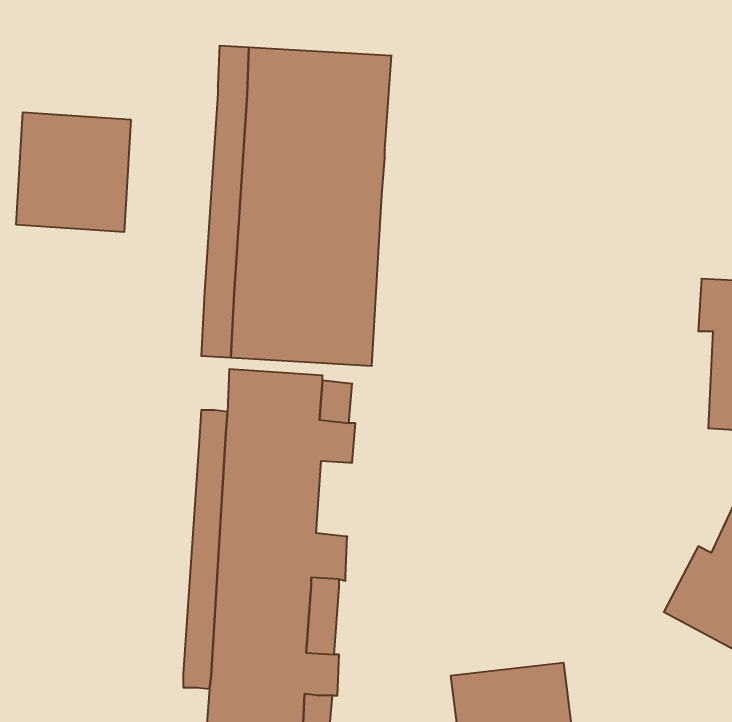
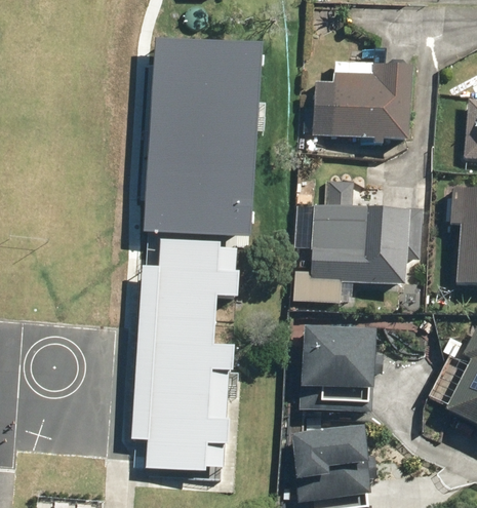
building: none -> [314,60,413,136]
building: [16,112,131,232] -> none
building: none -> [294,181,425,304]
building: none -> [306,325,381,400]

